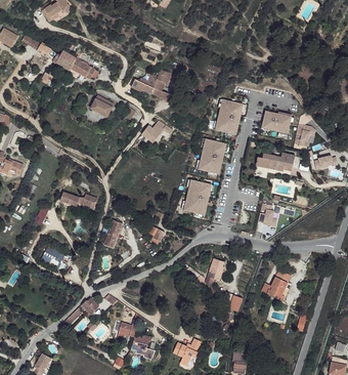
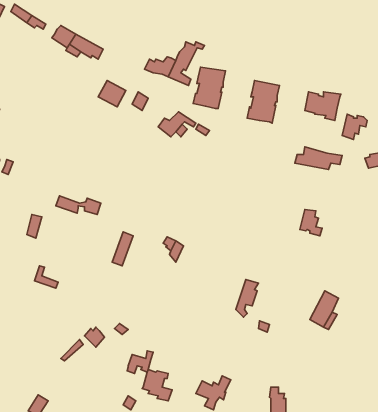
building: [200,137,226,171] -> [193,67,226,109]
building: [187,178,214,213] -> none

